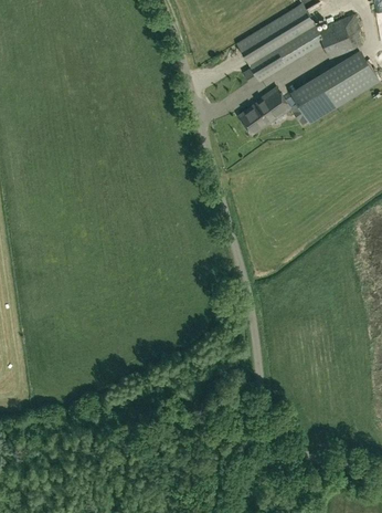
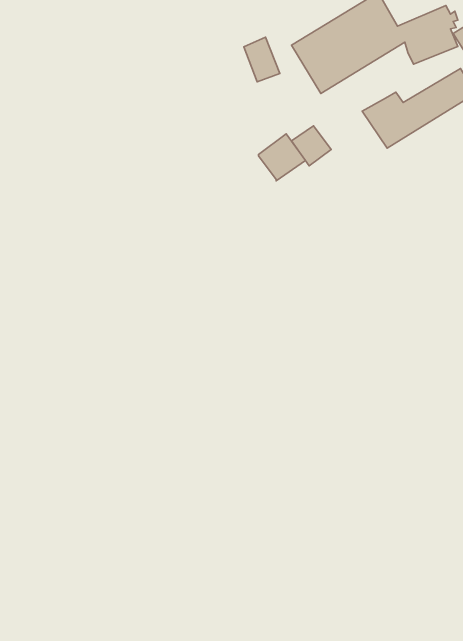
building: none -> [244,37,280,82]
building: [254,87,289,123] -> [258,134,305,181]

